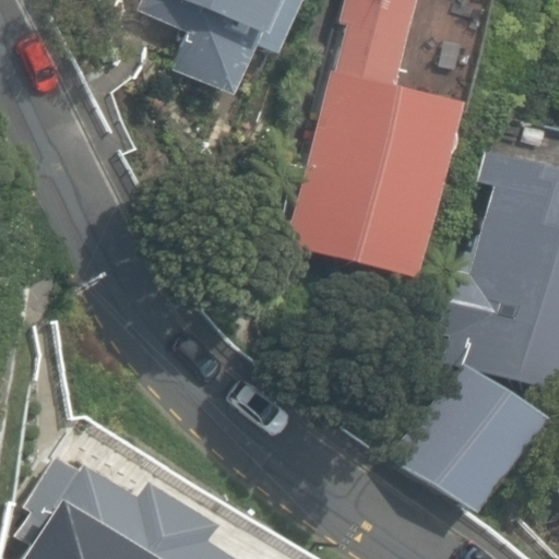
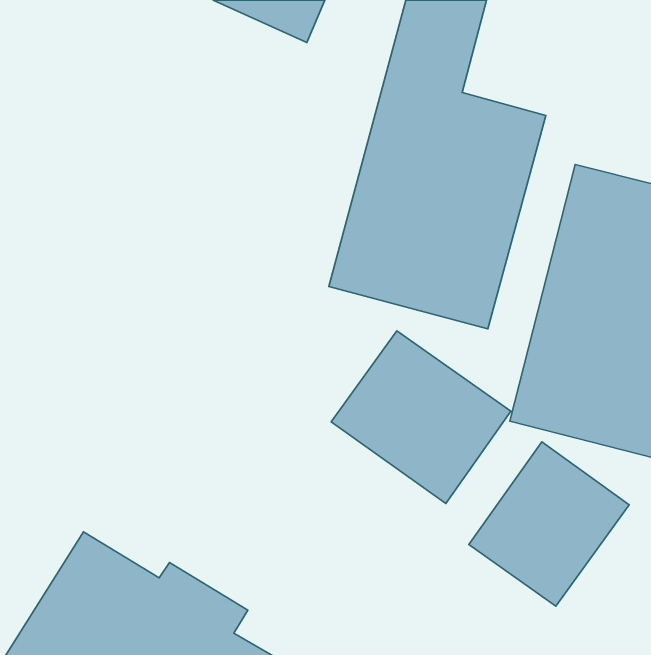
building: none -> [331,331,511,504]

